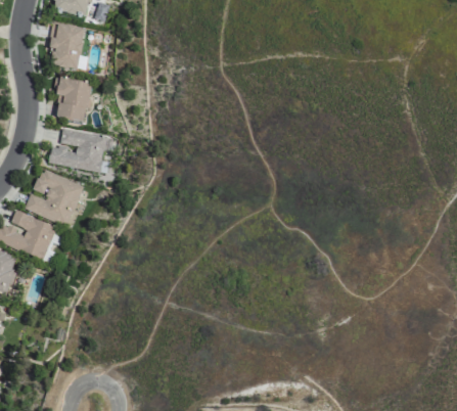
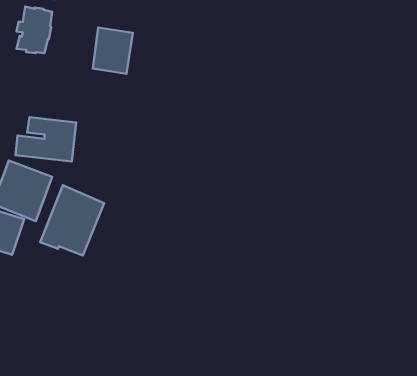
building: [54,77,92,121] -> [93,27,133,74]
building: none -> [40,185,104,256]

